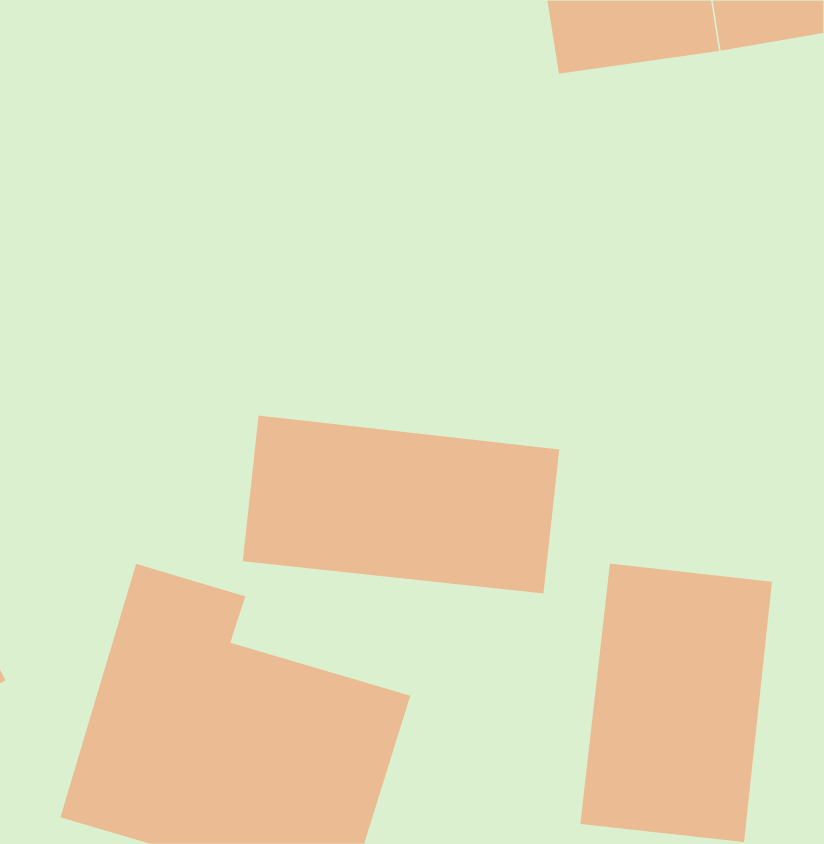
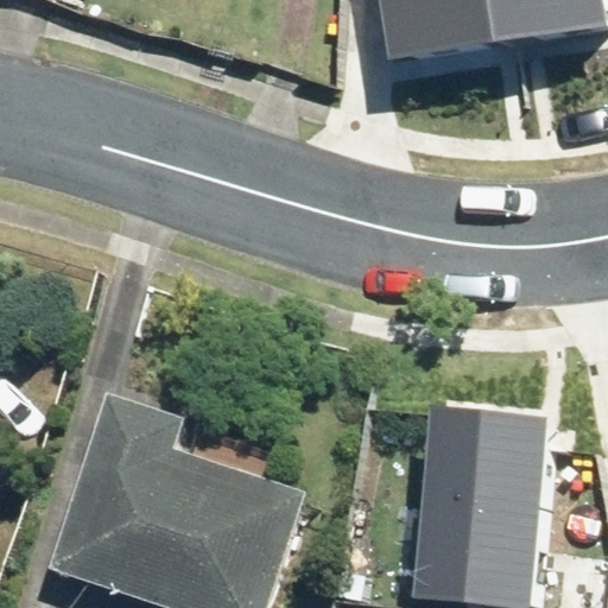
building: [242,415,560,594] -> none

